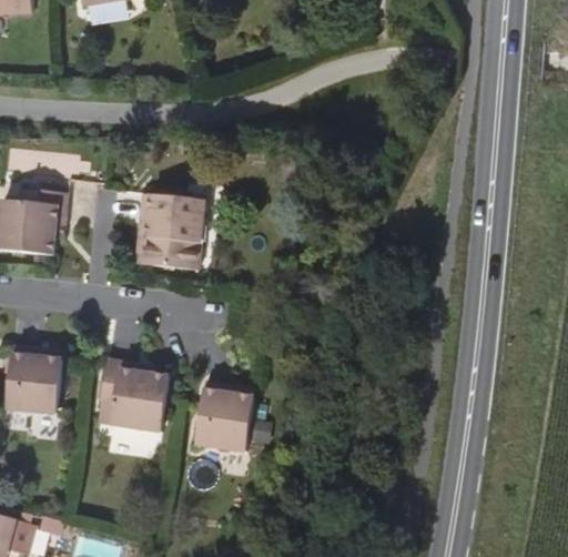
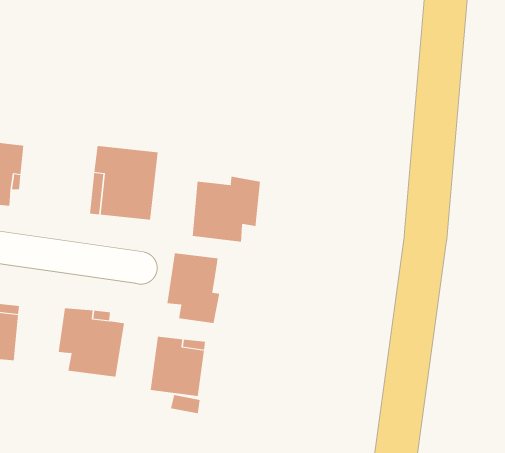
building: none -> [192,176,261,243]
building: none -> [167,253,220,324]

